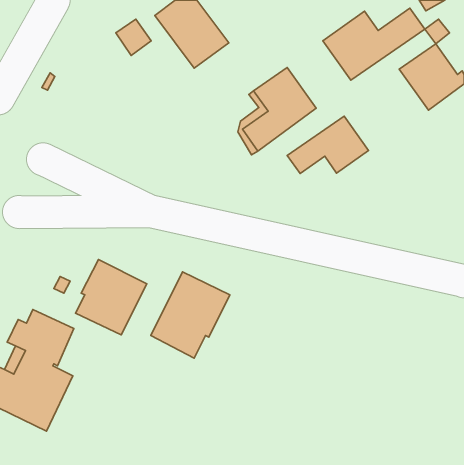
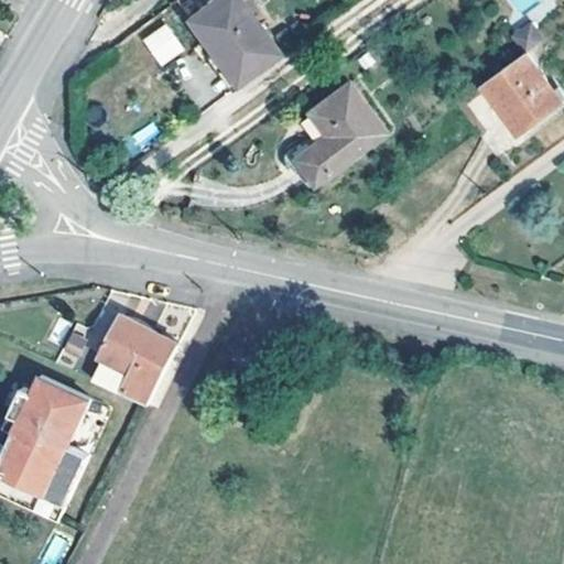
building: [323,8,425,80] -> none
building: [287,116,368,174] -> none
building: [151,272,230,358] -> none

